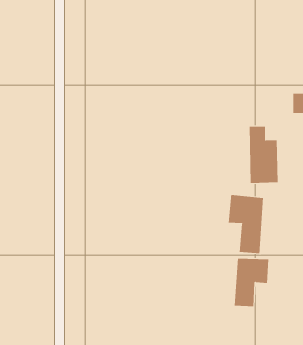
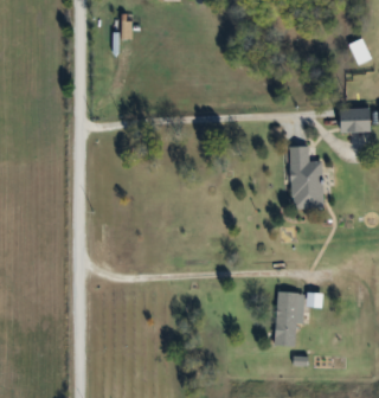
building: [228,194,264,254] -> none

